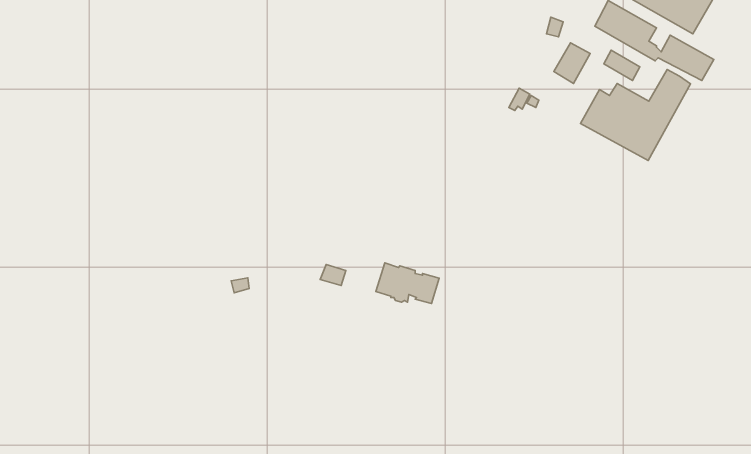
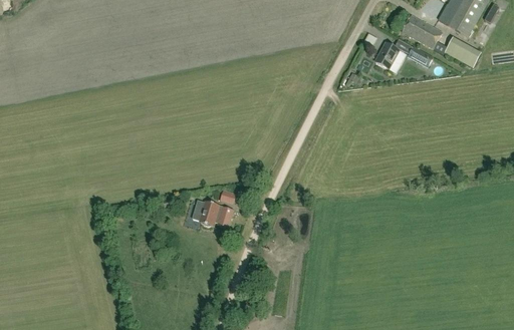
building: [581,69,690,161] -> none
building: [376,263,439,304] -> [191,200,233,227]

